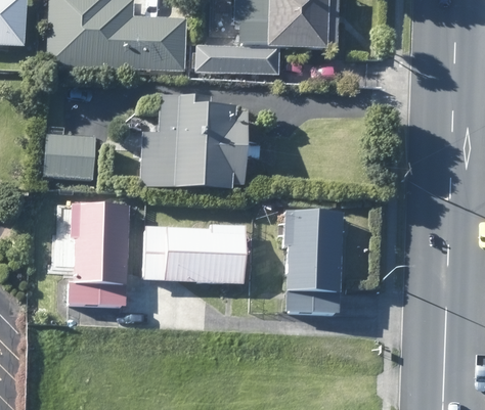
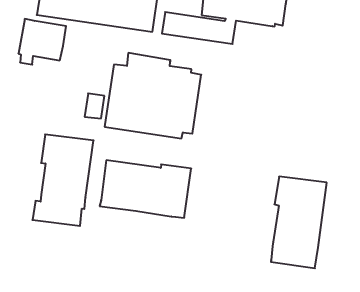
building: [44,133,96,185] -> [18,19,66,65]
building: [283,211,342,313] -> [271,177,327,268]

